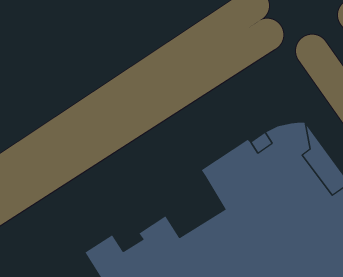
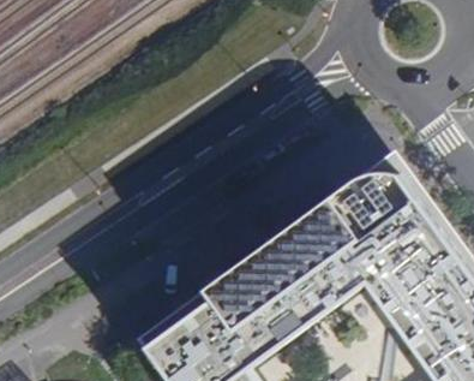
building: none -> [164,233,299,323]

